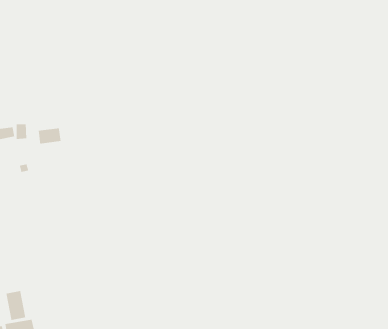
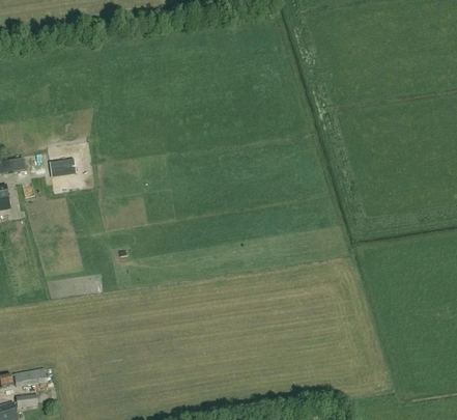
building: [5,290,26,321] -> none

